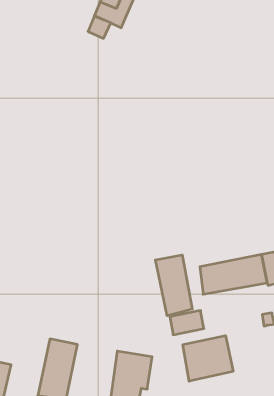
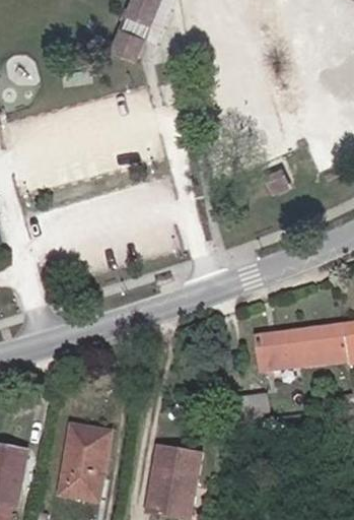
building: [155,255,192,316] -> none
building: [183,336,233,381] -> none

